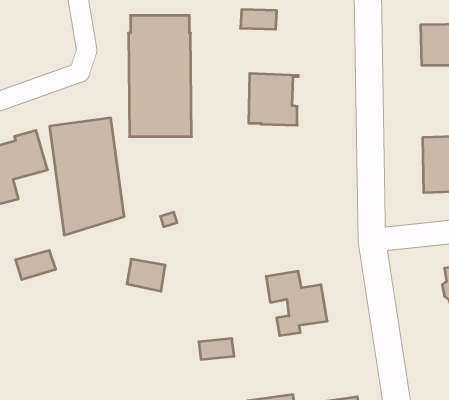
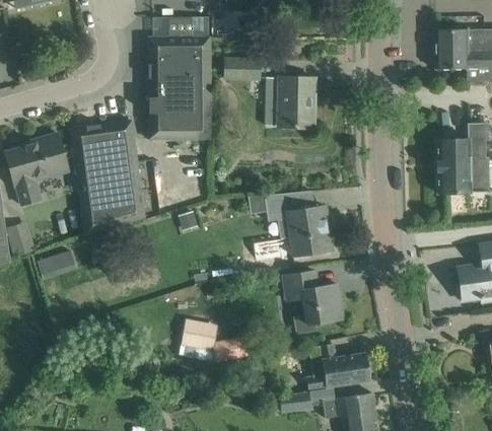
building: [240,10,277,29] -> [225,59,261,78]
building: none -> [253,192,333,260]
building: [127,259,165,291] -> [181,318,218,350]
building: none -> [309,343,371,388]

